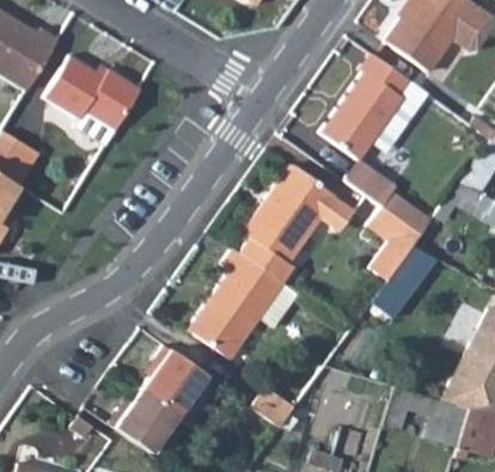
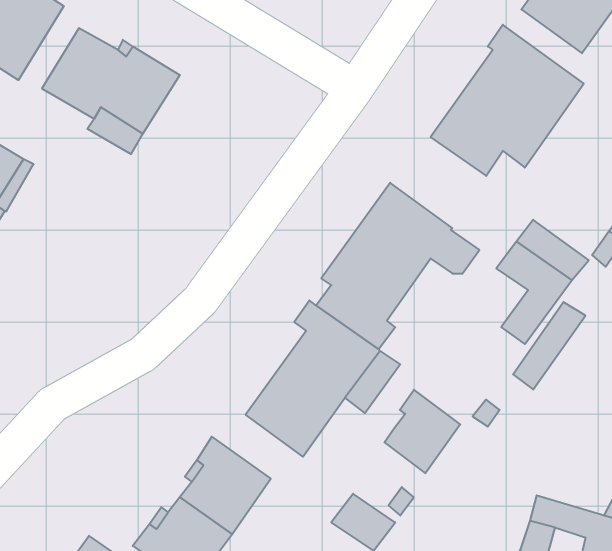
building: [346,159,397,206] -> none
building: none -> [384,390,460,473]

